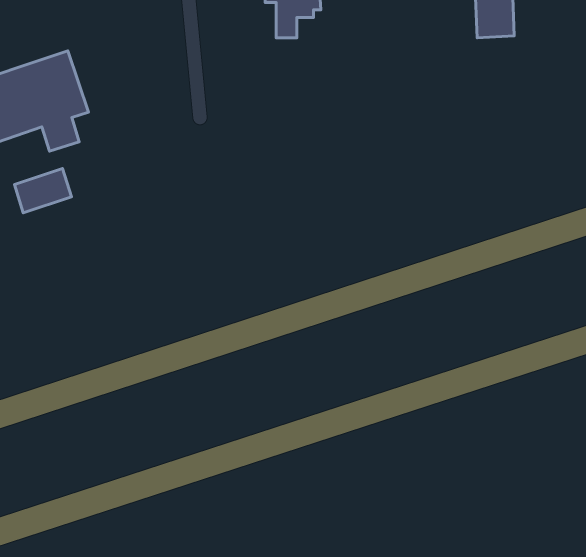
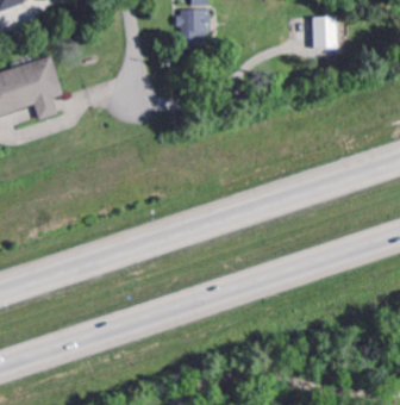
building: [14,169,71,213] -> none

